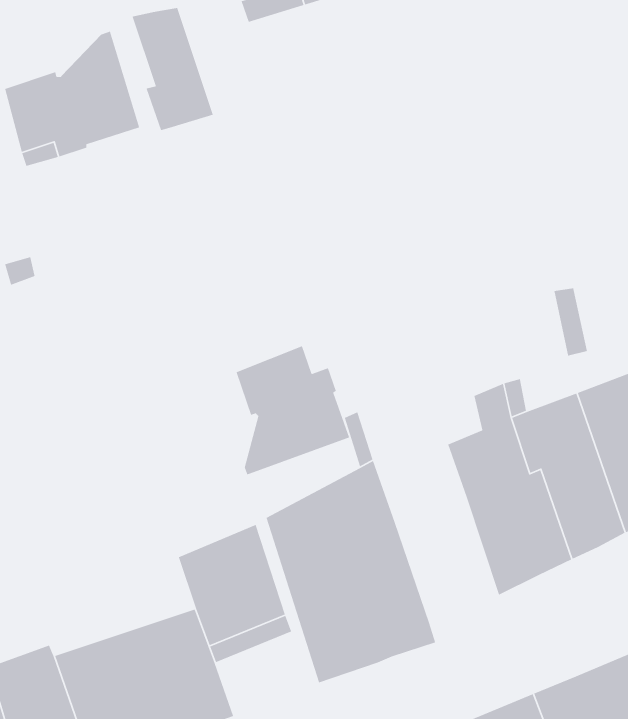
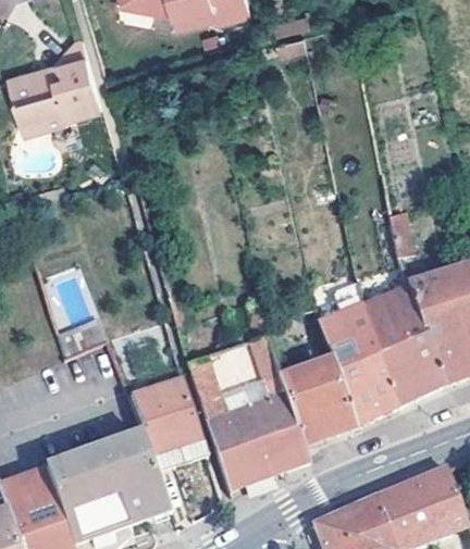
building: [132,7,214,131] -> none
building: [236,345,350,476] -> none
building: none -> [280,362,351,449]

